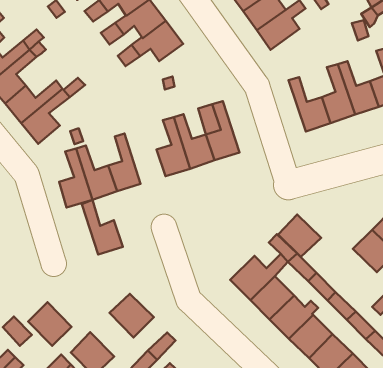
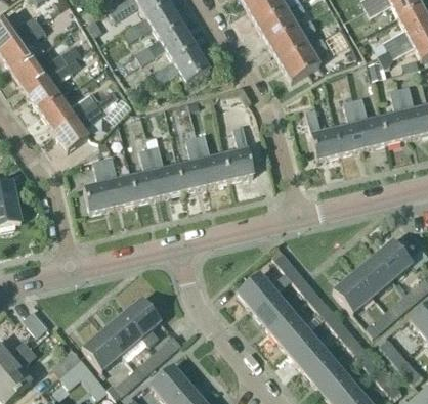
building: [82,200,123,254] -> [149,144,184,195]
building: [278,214,321,257] -> [334,272,374,312]
building: [28,302,72,346] -> [102,313,142,354]

